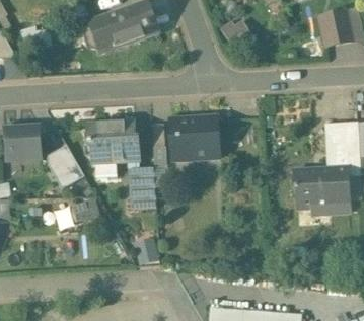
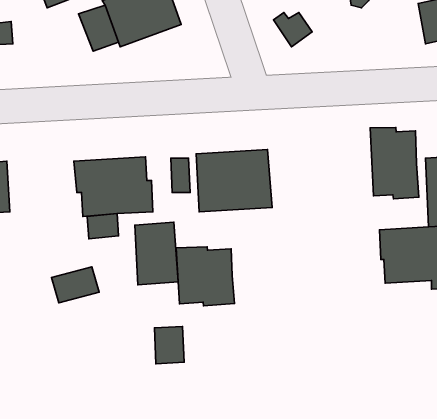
building: none -> [370,128,419,199]
building: [48,144,85,189] -> none
building: none -> [176,247,235,306]

